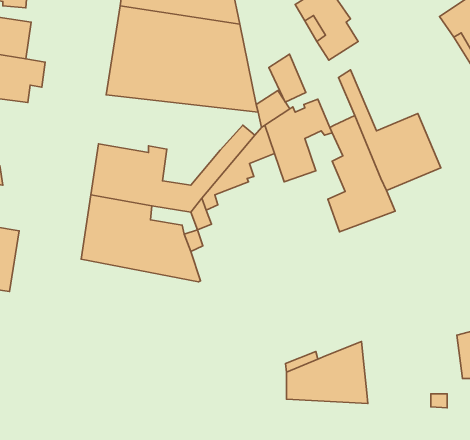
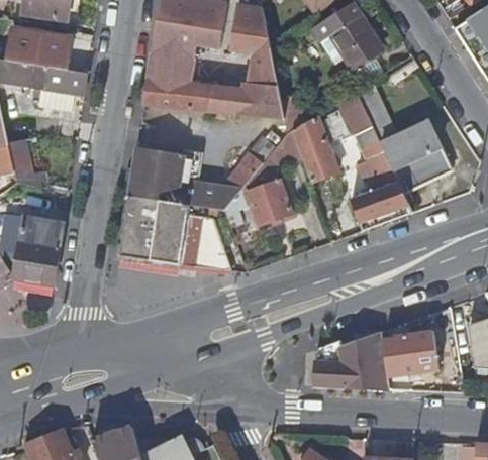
building: [269,54,306,102] -> [340,86,375,130]
building: none -> [245,183,288,228]
building: none -> [383,334,446,378]

